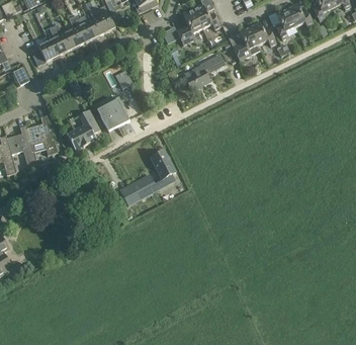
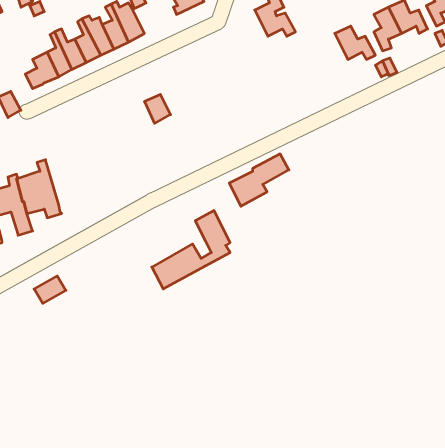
building: [175,10,200,44] -> none
building: [231,26,259,60] -> none
building: [182,54,224,90] -> [229,154,289,206]
building: [98,95,128,131] -> none
building: [66,108,99,150] -> none

